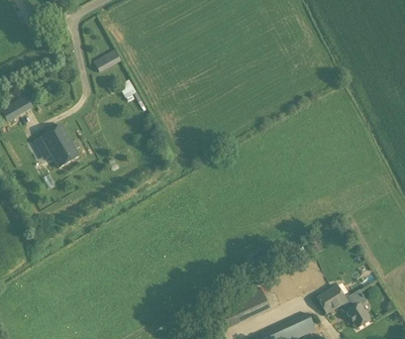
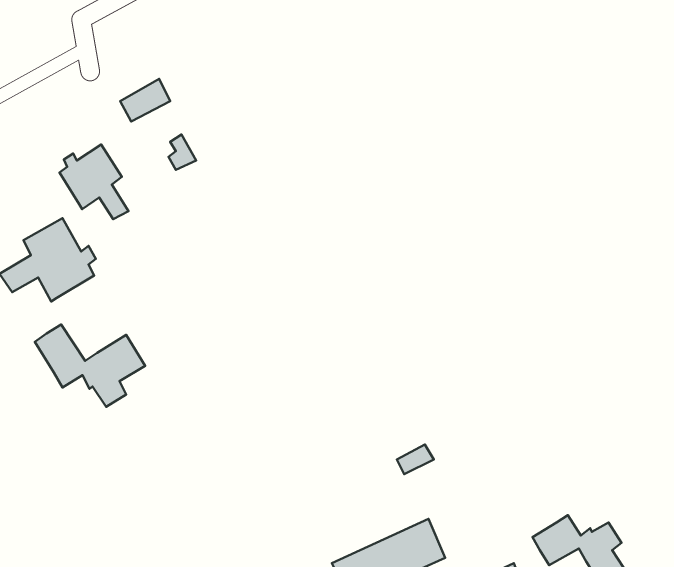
building: none -> [60,144,129,219]
building: none -> [35,325,145,407]

